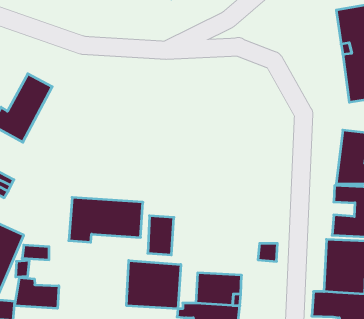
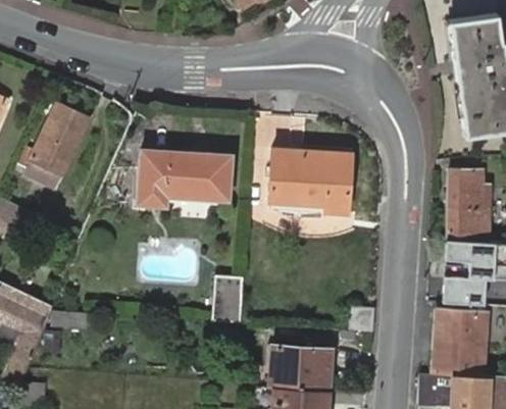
building: none -> [269,148,352,218]
building: [69,197,143,242] -> [137,148,230,204]
building: [127,260,181,309] -> none
building: [15,277,59,308] -> none

